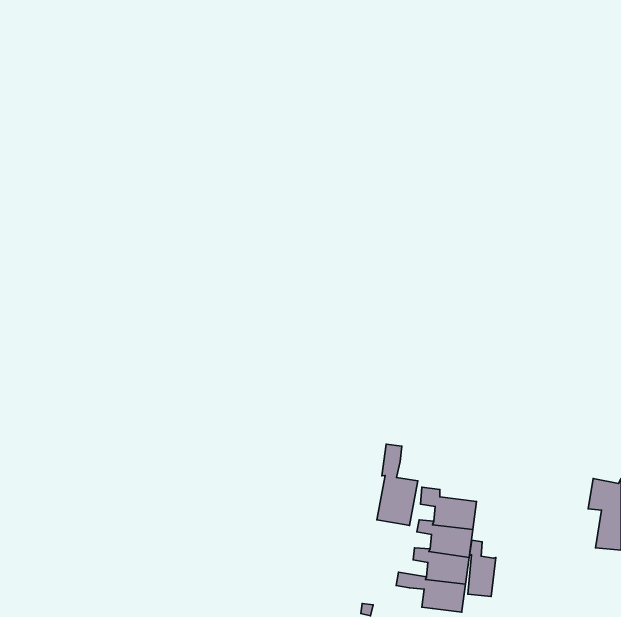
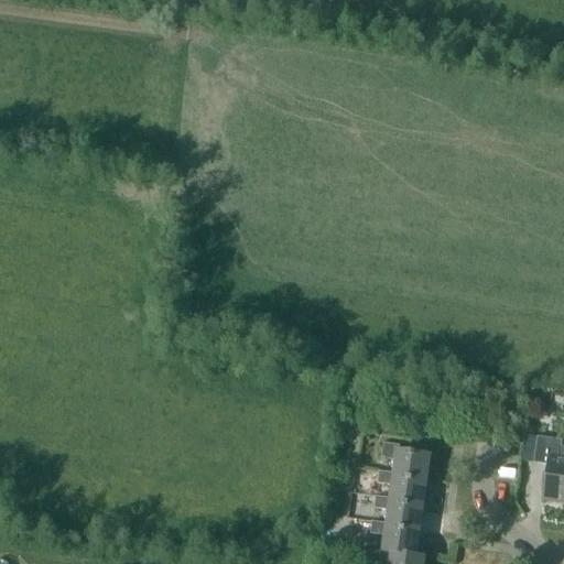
building: [377,444,418,525] -> none
building: [468,540,496,597] -> none

